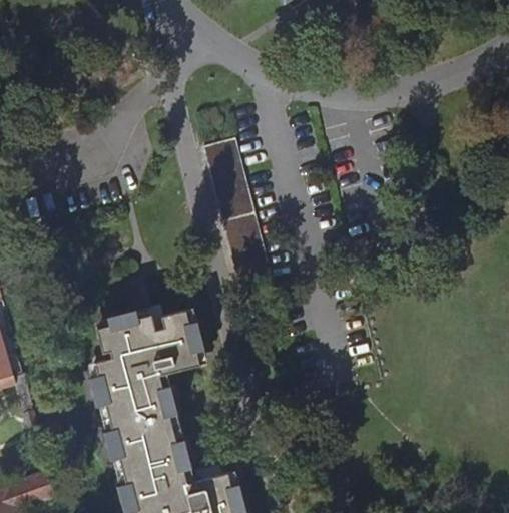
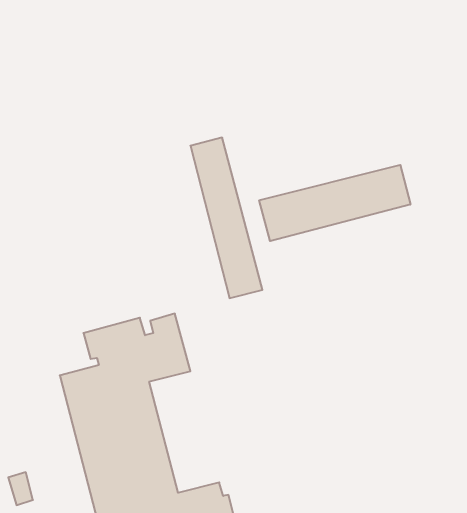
building: none -> [259,165,410,241]

